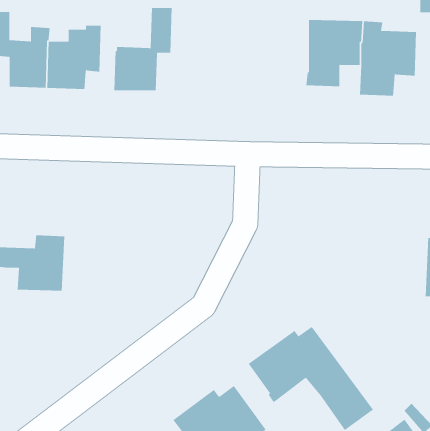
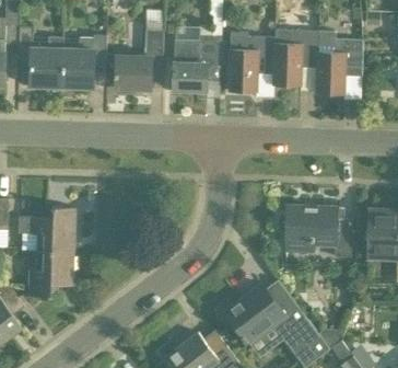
building: none -> [227,32,273,91]
building: none -> [172,36,221,91]
building: none -> [285,206,351,257]
building: none -> [27,251,73,297]

